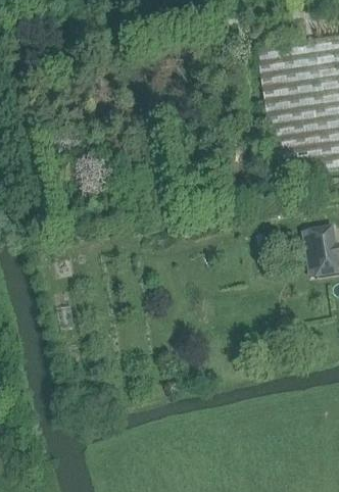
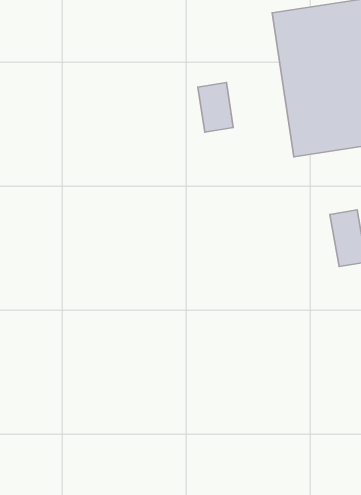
building: none -> [198,83,233,132]

